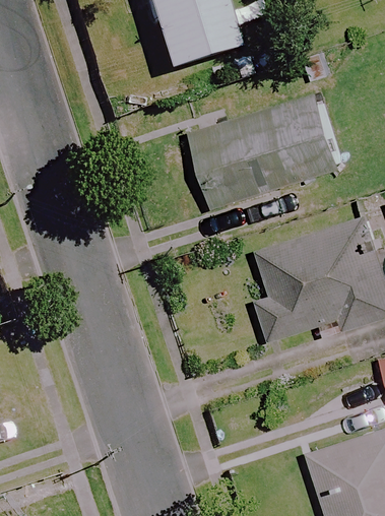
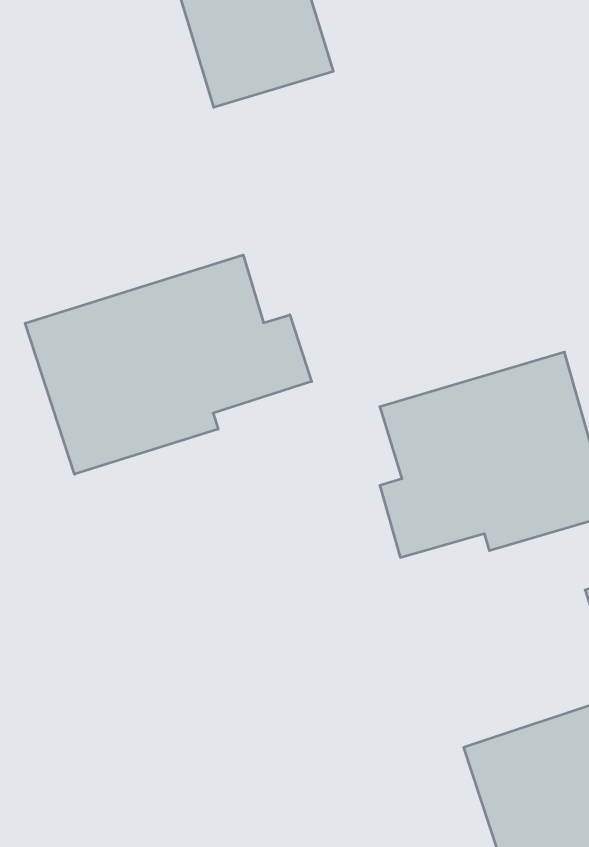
building: [187,92,335,207] -> none
building: none -> [25,255,312,474]

